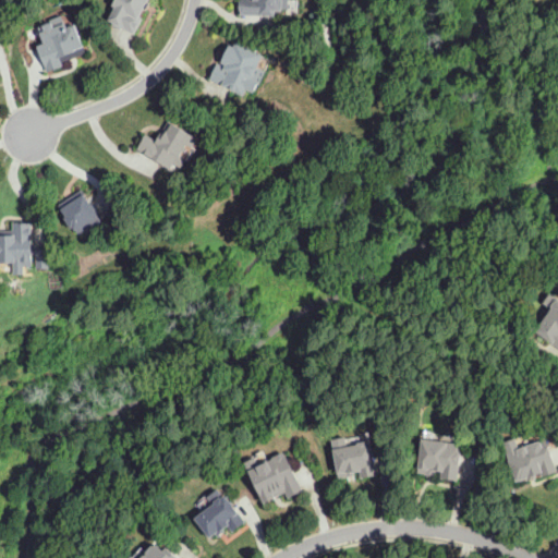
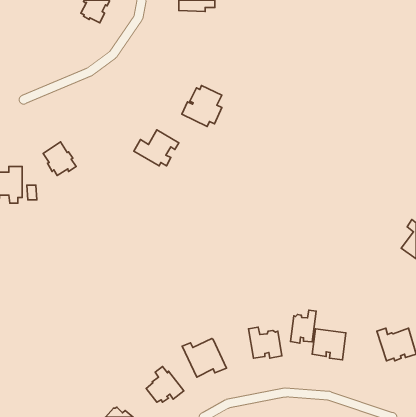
building: [36,16,85,72] -> none
building: [209,41,263,96] -> [182,86,222,126]
building: [136,121,196,169] -> [134,130,179,166]
building: none -> [290,310,316,343]

